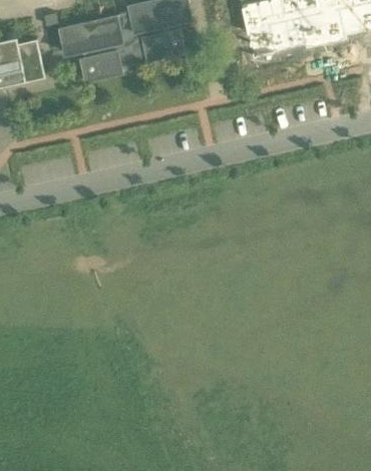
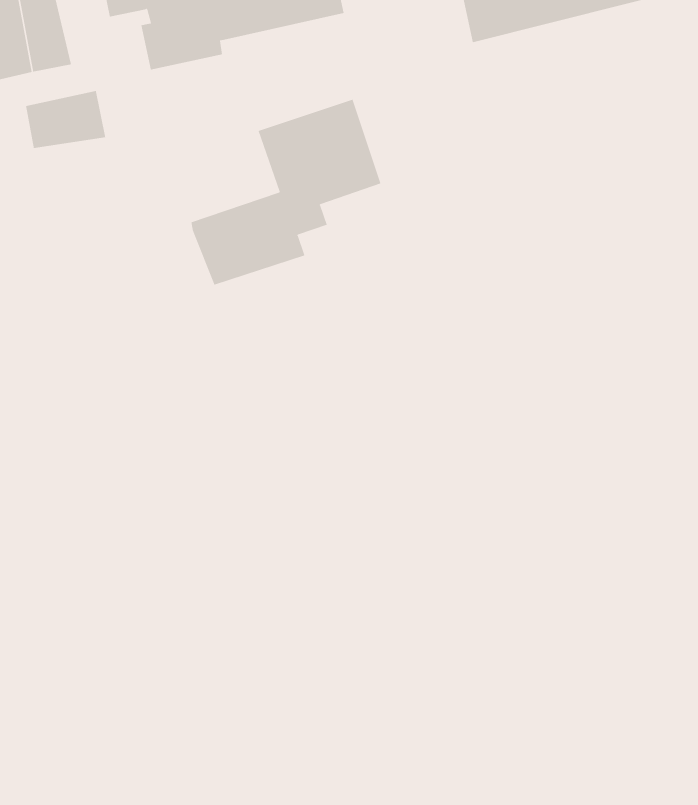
building: none -> [26,90,106,149]
building: none -> [191,99,381,286]

